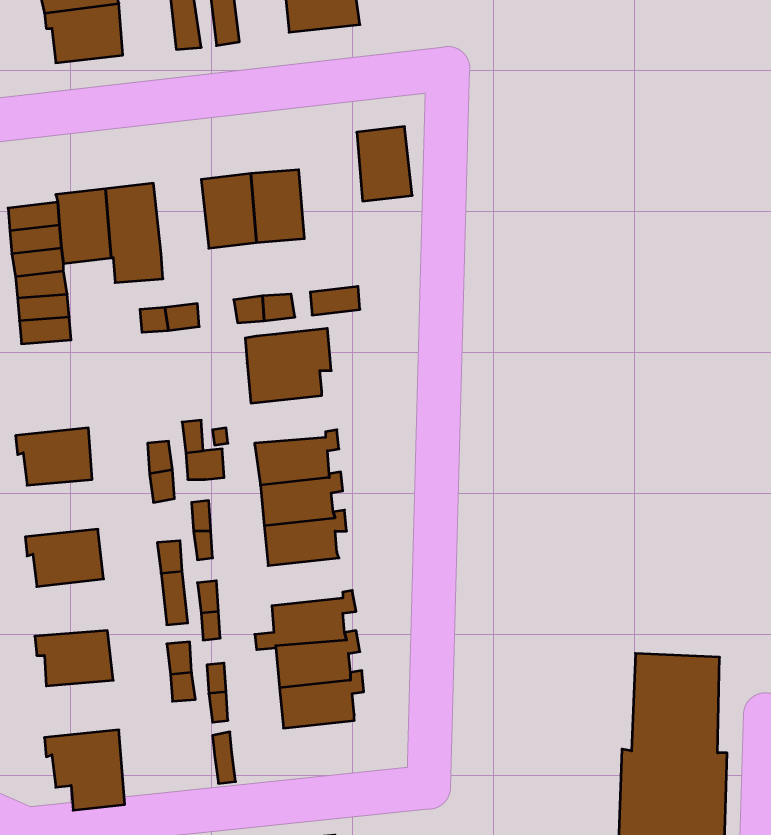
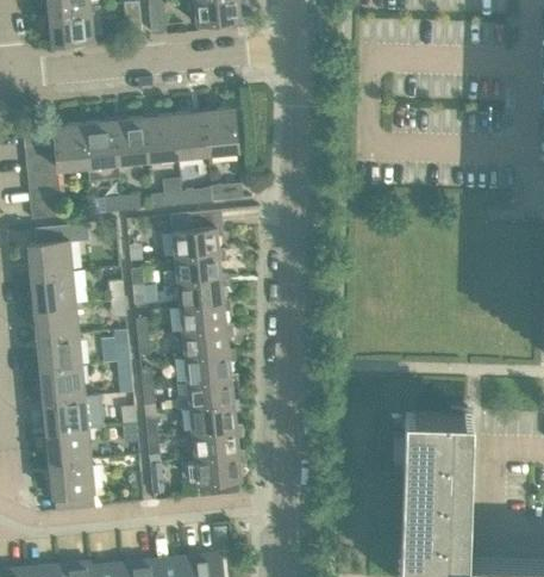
building: [357,127,412,201] -> [204,107,238,154]
building: none -> [113,117,148,179]
building: none -> [26,223,89,277]
building: none -> [162,248,226,285]
building: none -> [32,304,79,340]
building: none -> [185,348,236,383]
building: none -> [38,366,85,402]
building: none -> [45,429,92,465]
building: none -> [194,449,246,496]

